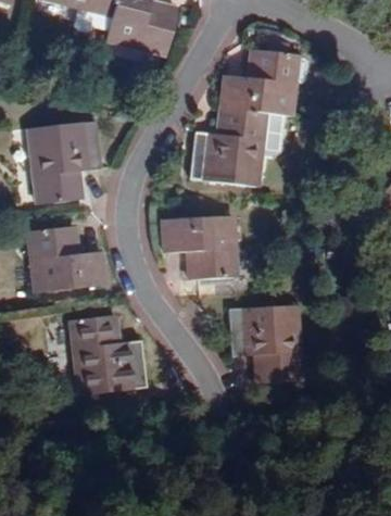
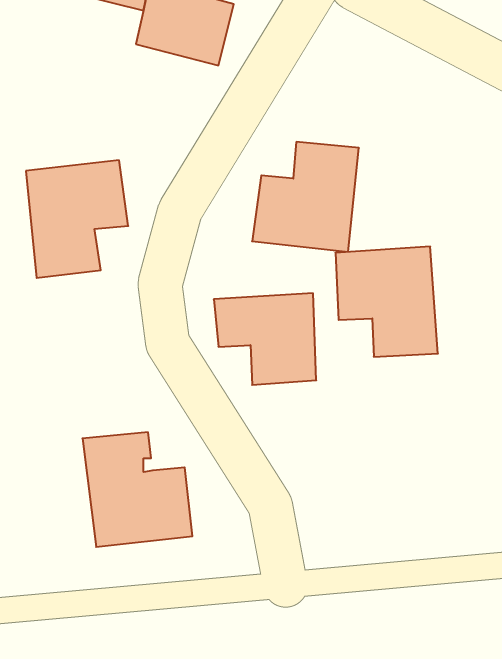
building: [222,50,299,115] -> none
building: [28,226,105,292] -> none
building: [229,304,302,382] -> [335,247,438,357]

